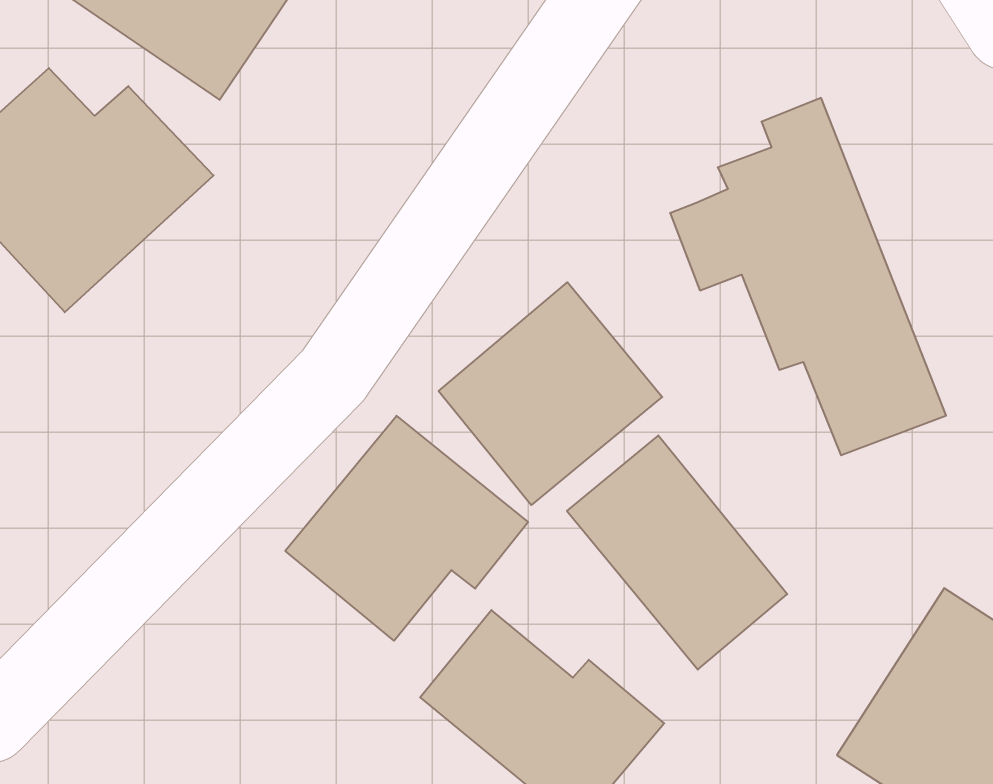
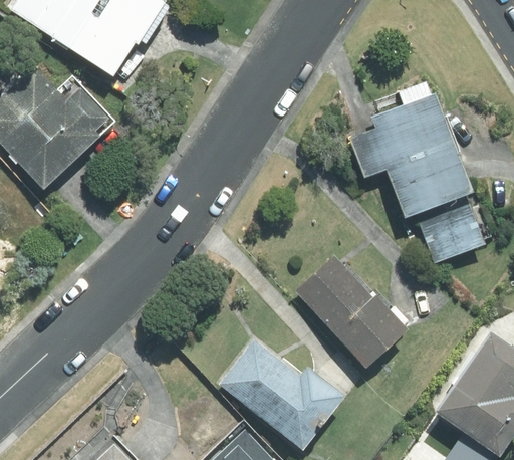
building: [439,282,662,505] -> none
building: [285,416,528,641] -> none

